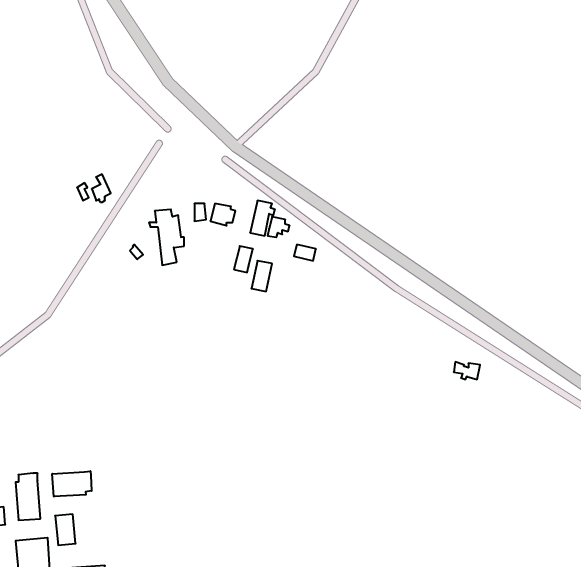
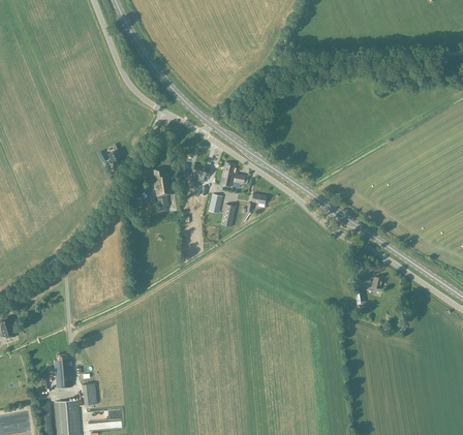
building: [52,471,92,497] -> none

